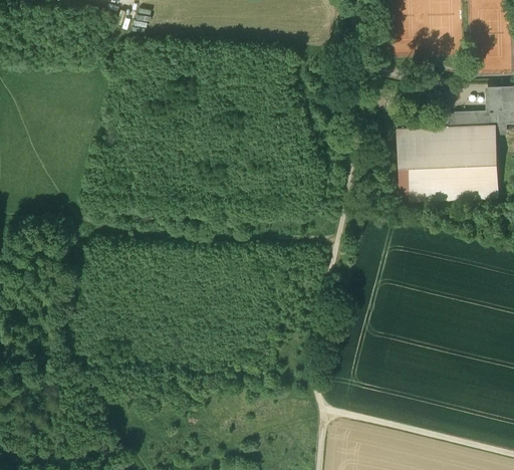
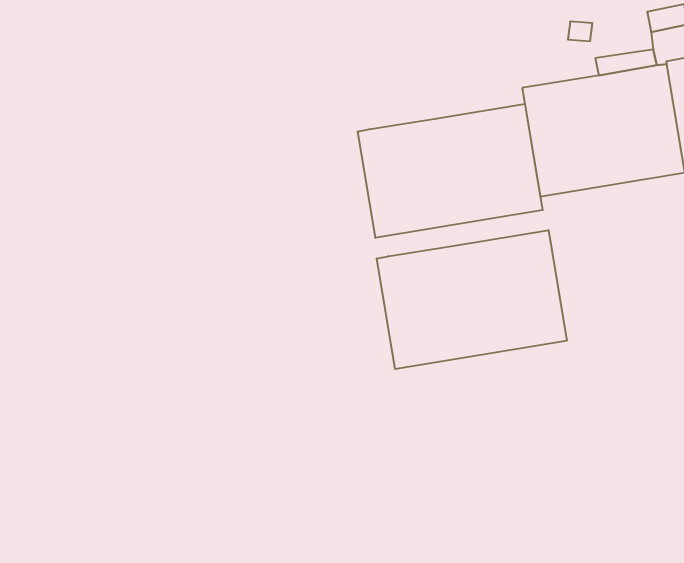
building: none -> [358,104,543,238]
building: none -> [377,230,567,369]

